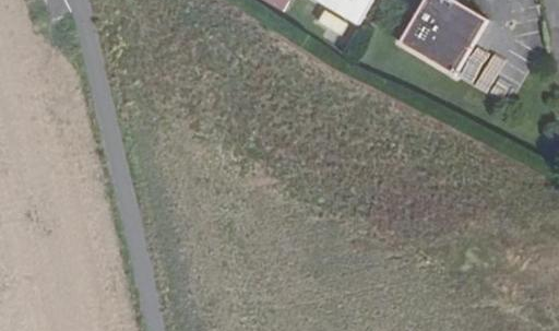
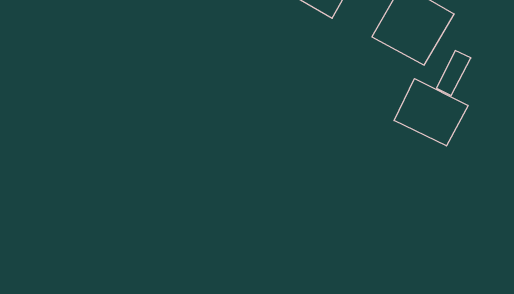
building: none -> [394,79,468,146]

